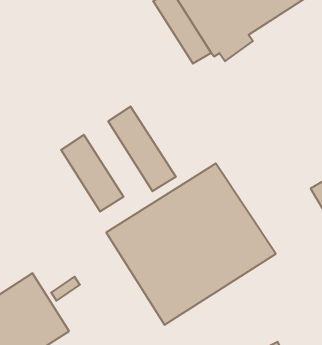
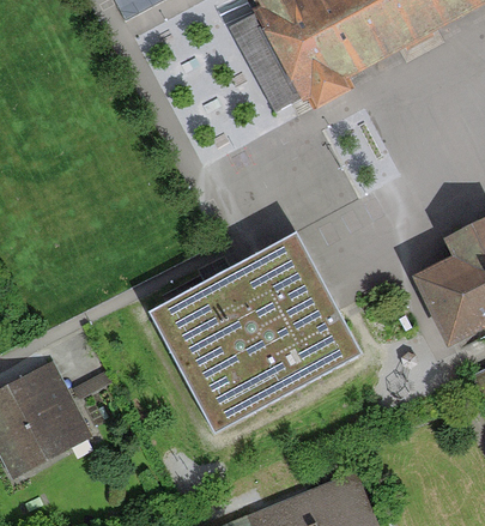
building: [108,106,176,191] -> none
building: [61,135,123,212] -> none

